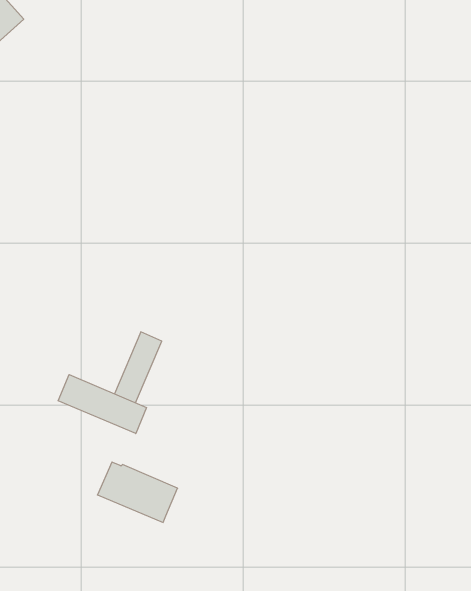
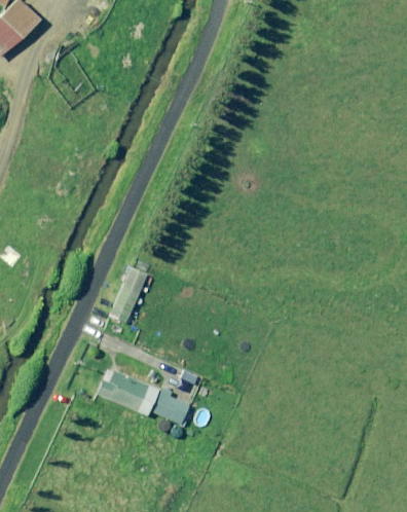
building: [58,375,147,434] -> none
building: none -> [150,387,190,425]

